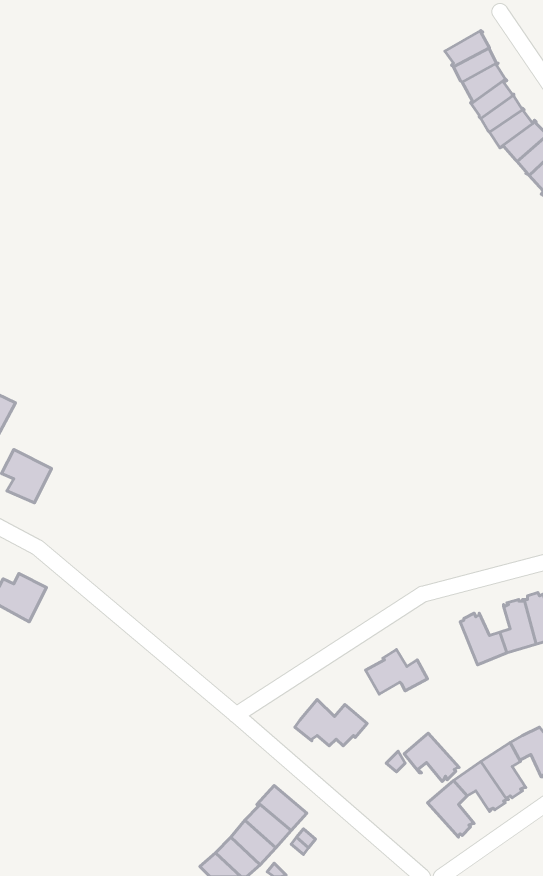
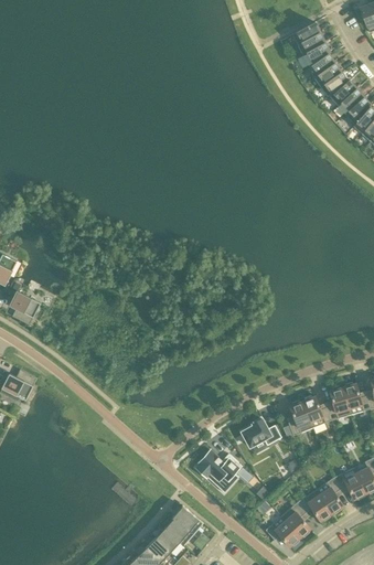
building: none -> [287,401,312,436]
building: [404,733,459,781] -> [265,516,300,547]

